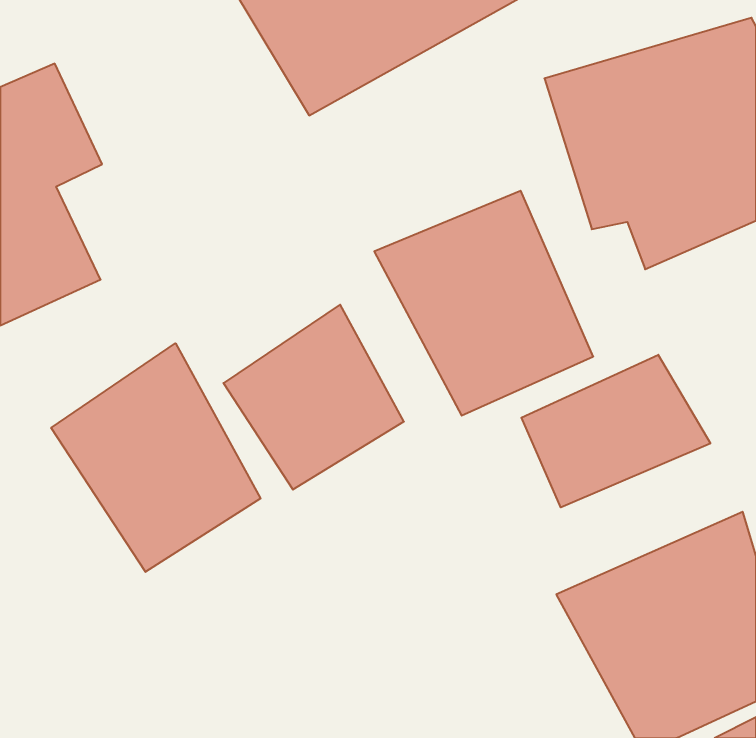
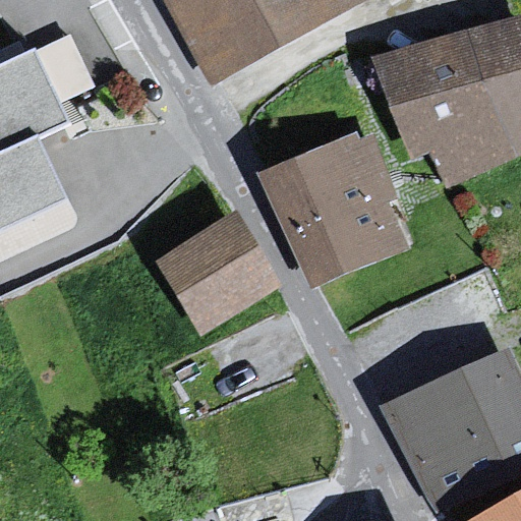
building: [51,343,261,572] -> none
building: [521,355,710,507] -> none

